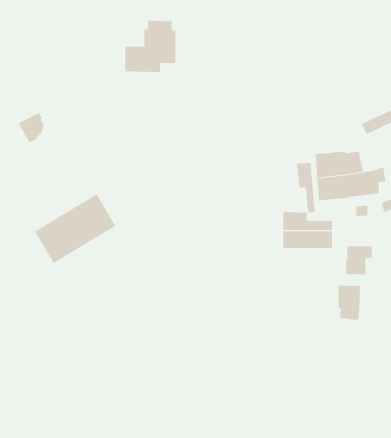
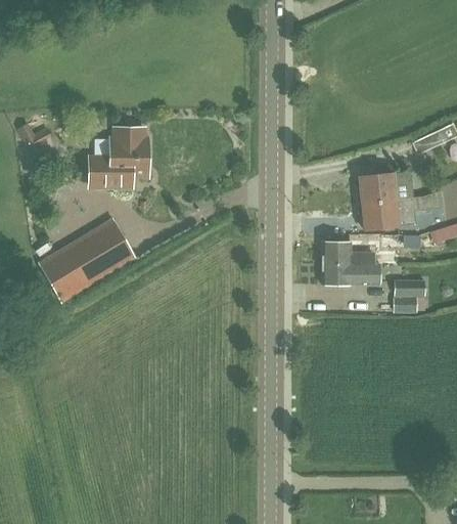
building: [125,20,176,72] -> [90,127,148,186]
building: [296,162,315,213] -> none
building: [338,285,361,321] -> none

